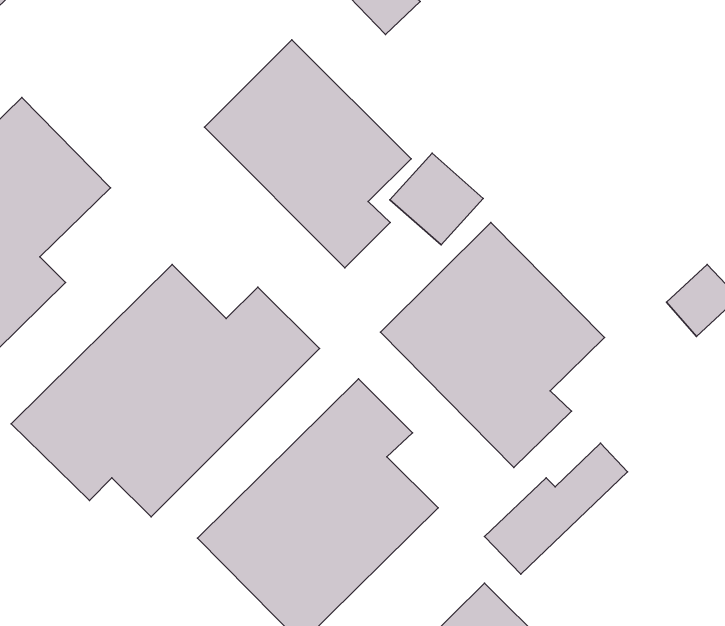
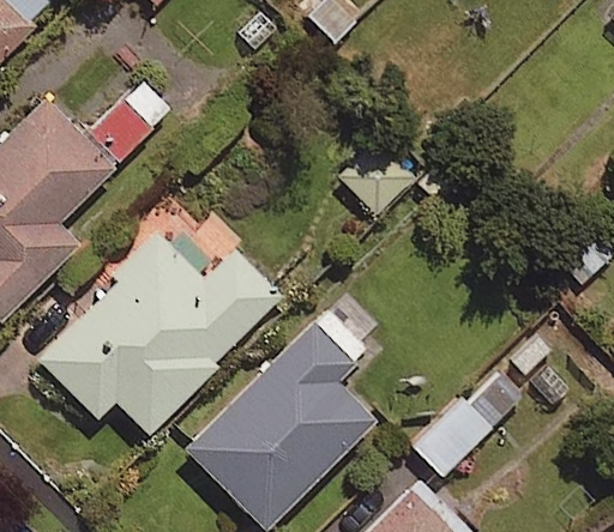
building: [205,40,411,268] -> none
building: [380,223,604,467] -> none

